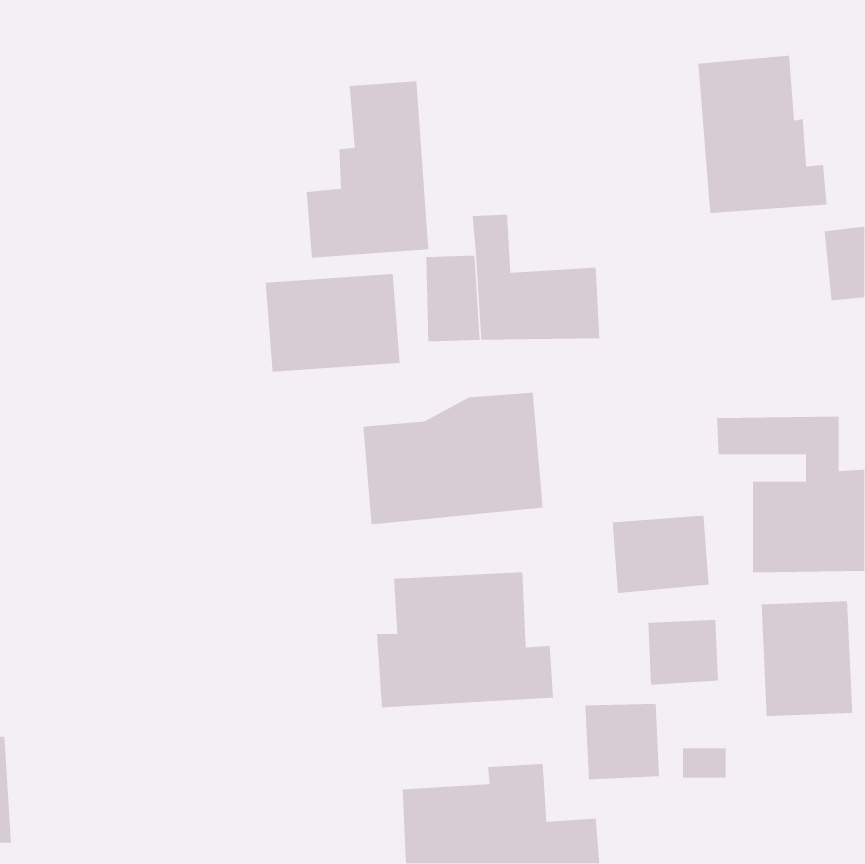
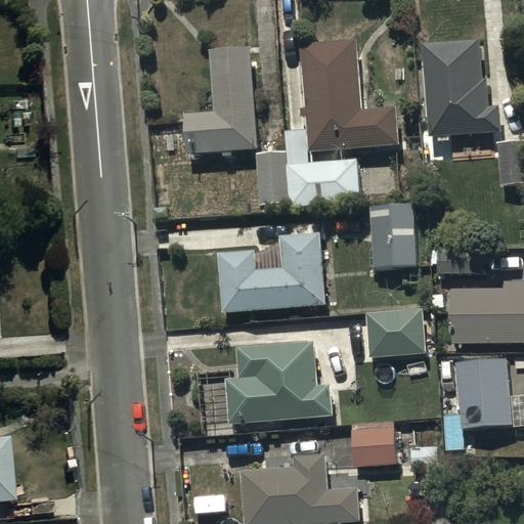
building: none -> [300,40,398,152]
building: [265,273,400,372] -> none
building: none -> [367,202,413,267]
building: [647,619,719,685] -> none

